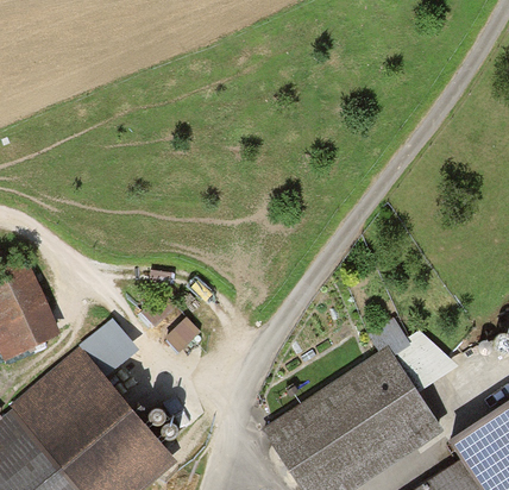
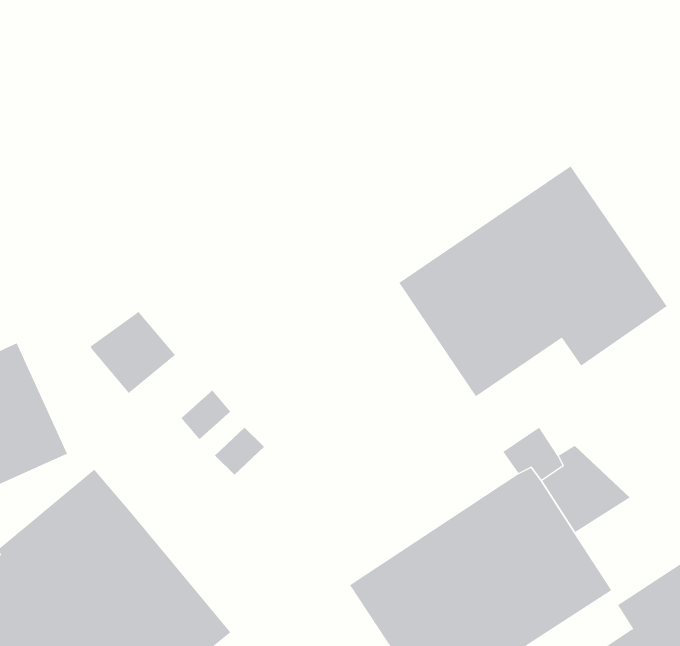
building: none -> [399,165,668,397]
building: [78,319,139,377] -> [90,311,176,394]

